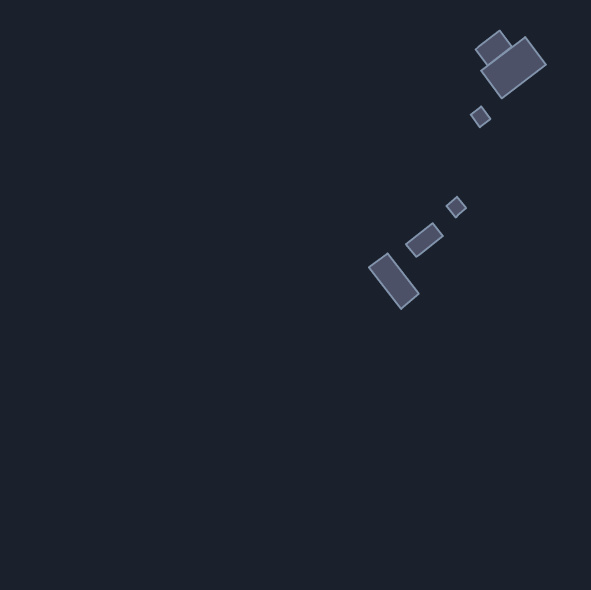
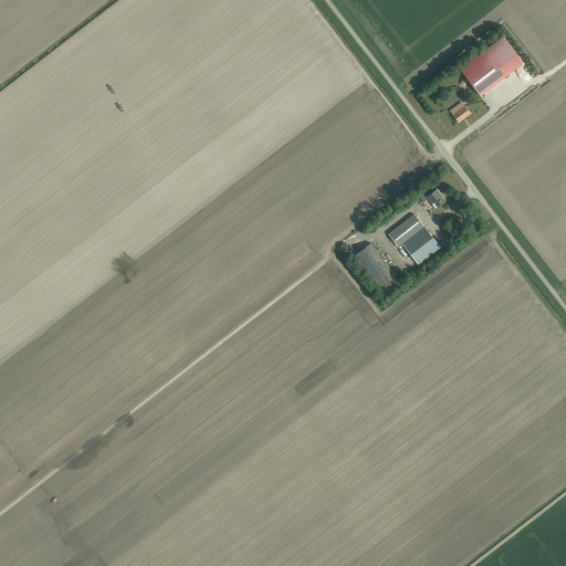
building: [476,31,512,66] -> none
building: none -> [401,226,440,263]

